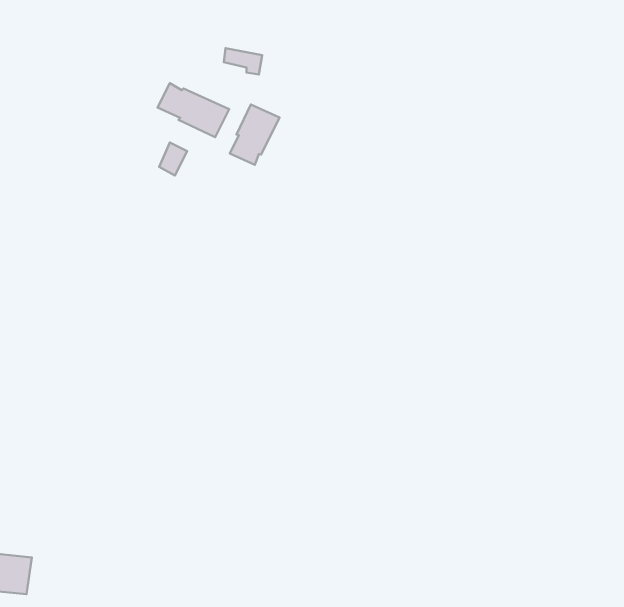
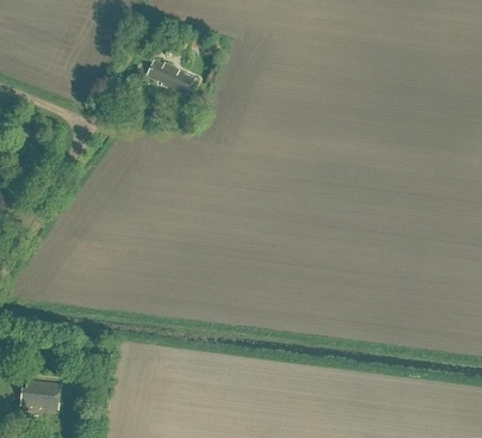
building: [230,105,280,165] -> none

